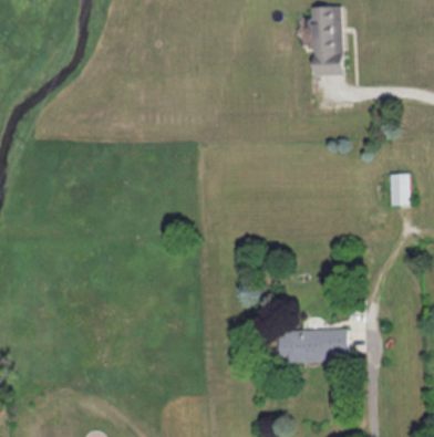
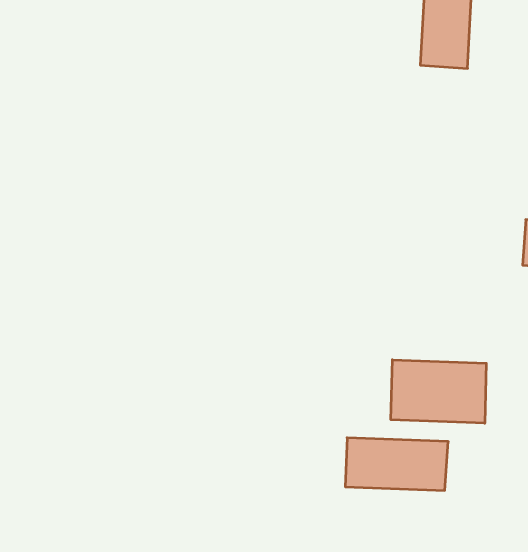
building: none -> [391,360,486,423]

